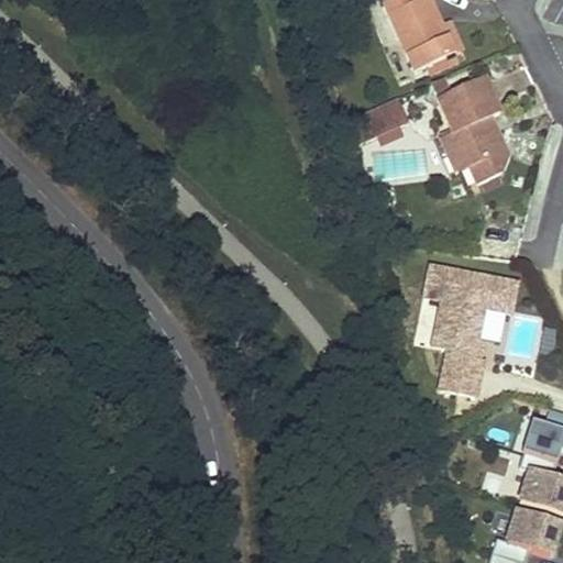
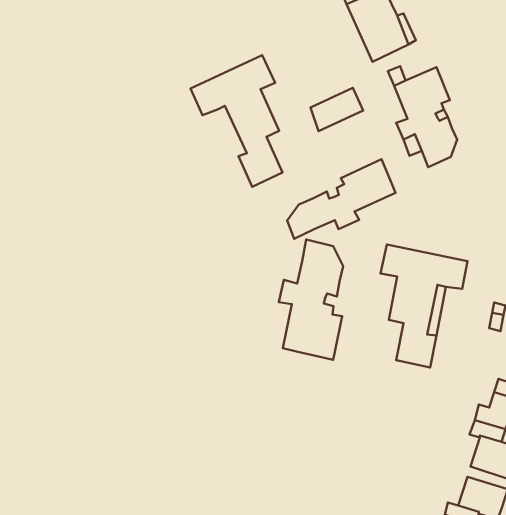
building: none -> [191,55,282,187]
building: none -> [287,159,395,239]
building: none -> [279,240,343,360]

